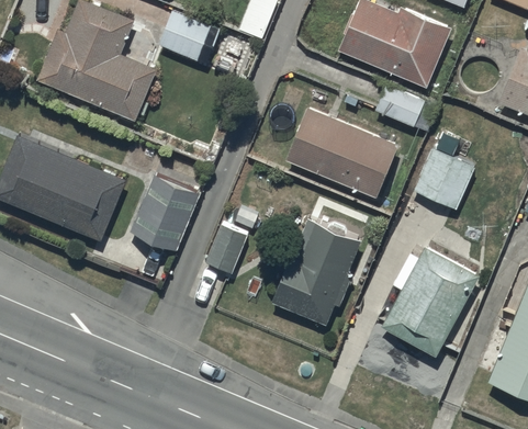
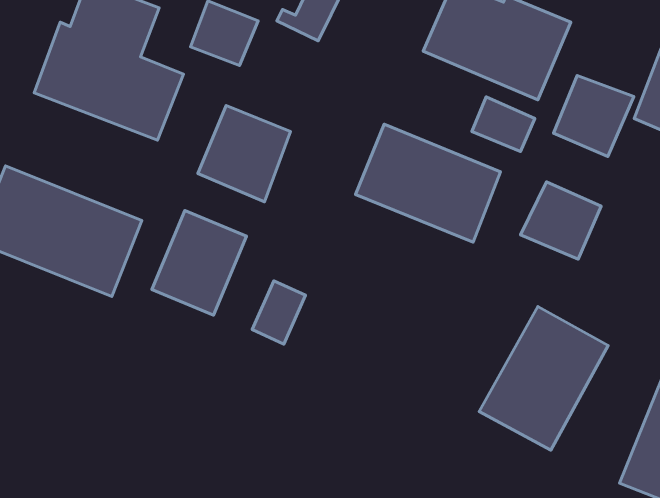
building: none -> [553,75,634,156]
building: none -> [198,106,290,202]
building: [272,218,362,326] -> none

